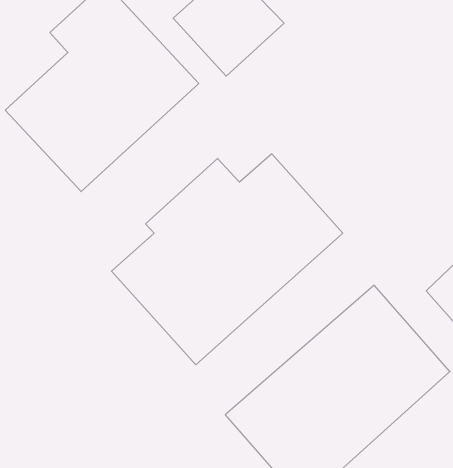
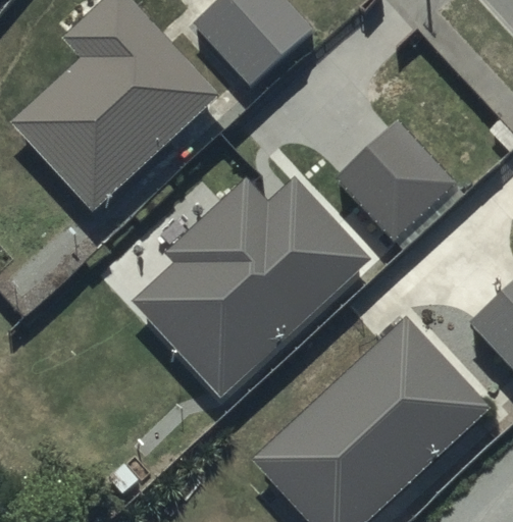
building: none -> [331,114,460,243]

